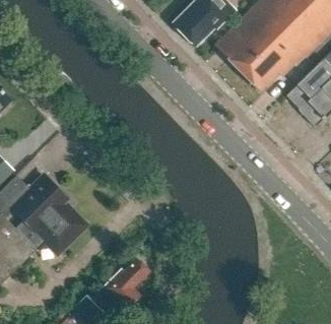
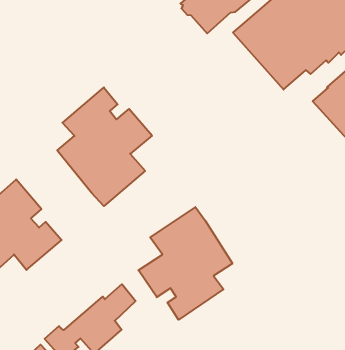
building: none -> [57,87,152,206]
building: none -> [138,207,232,320]

